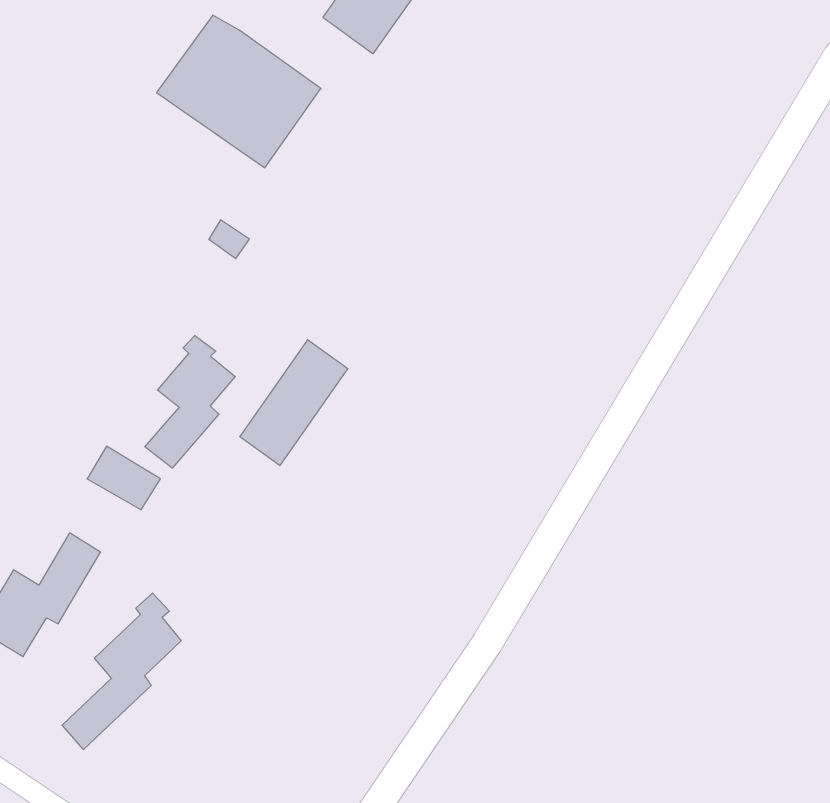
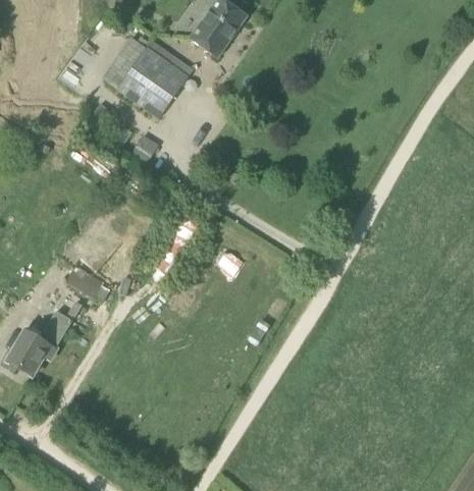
building: [145,335,235,468] -> none
building: [62,593,181,750] -> none

